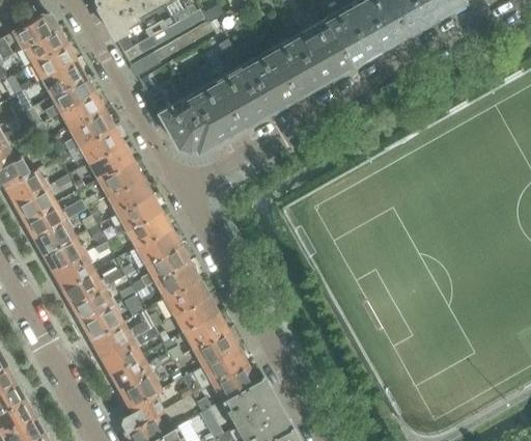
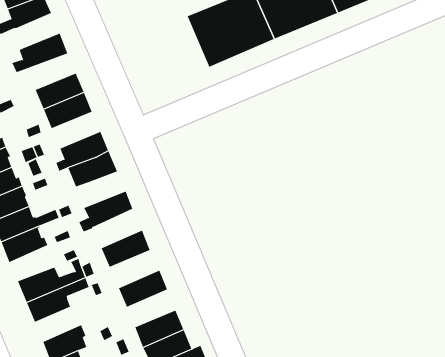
building: [149,83,241,150] -> none
building: [63,94,104,129] -> none
building: [68,129,122,165] -> none
building: [106,178,150,215] -> none
building: [134,229,179,266] -> none
building: [153,261,198,300] -> none
building: [172,297,218,334] -> none
building: [82,303,123,338] -> none
building: [192,330,236,367] -> none
building: [111,353,172,390] -> none

